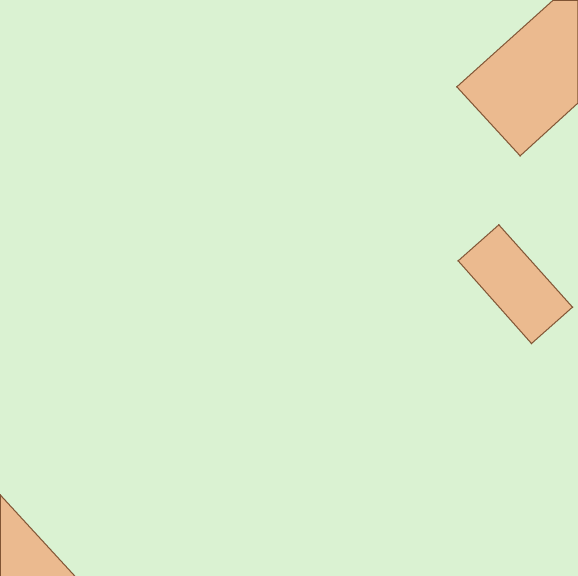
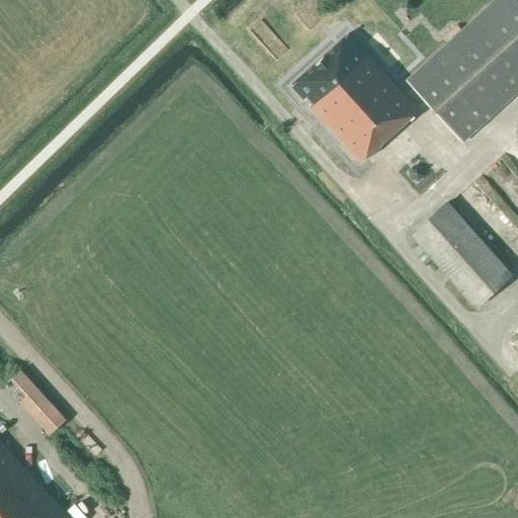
building: none -> [290,34,430,163]
building: none -> [8,365,66,433]

